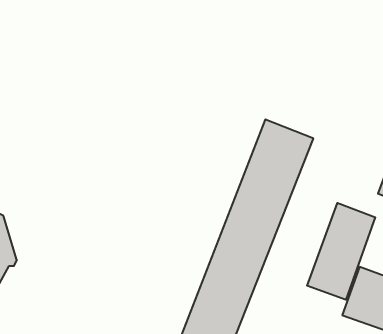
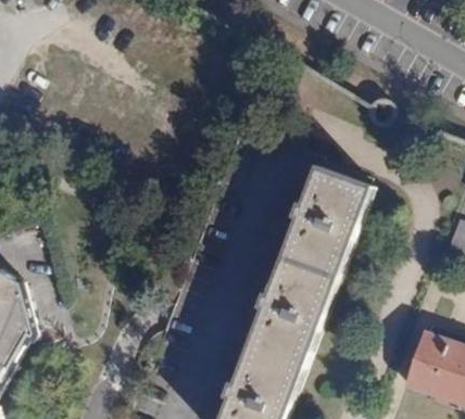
building: [307,203,375,300] -> none

